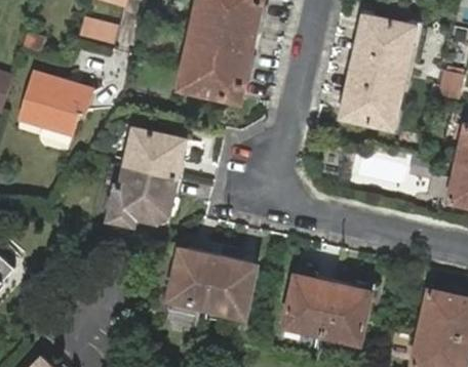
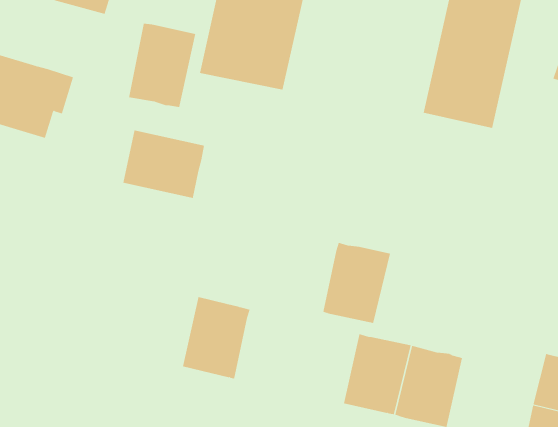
building: none -> [128,23,196,108]
building: [109,166,177,223] -> none
building: [206,257,256,316] -> [323,242,391,323]

